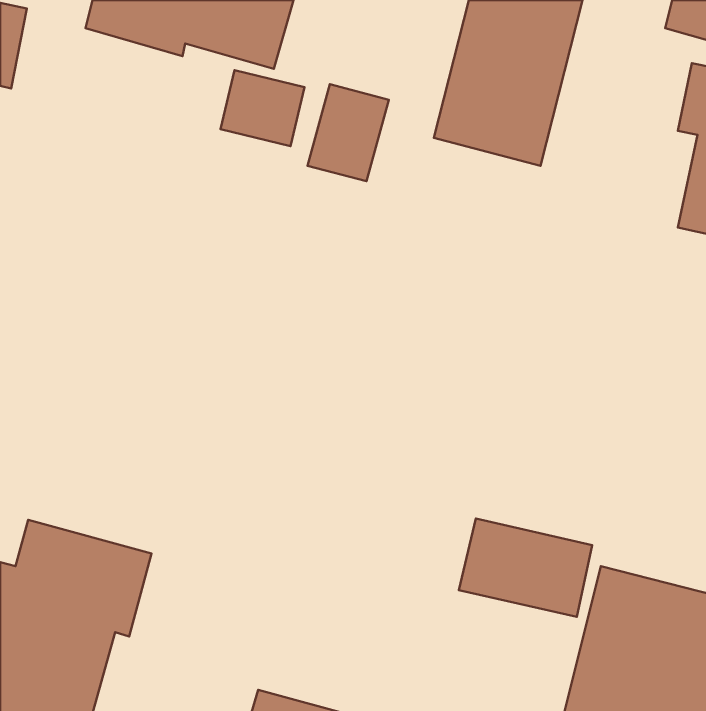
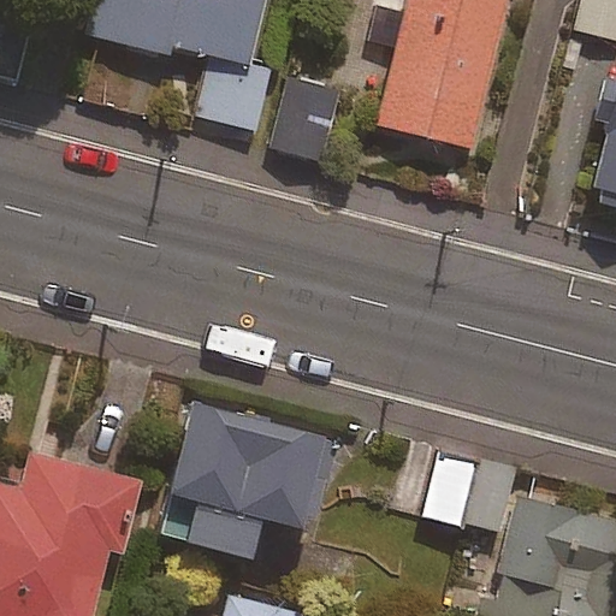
building: none -> [154,399,320,553]

